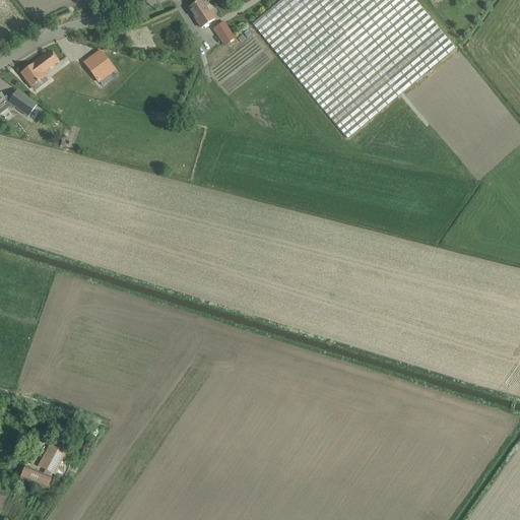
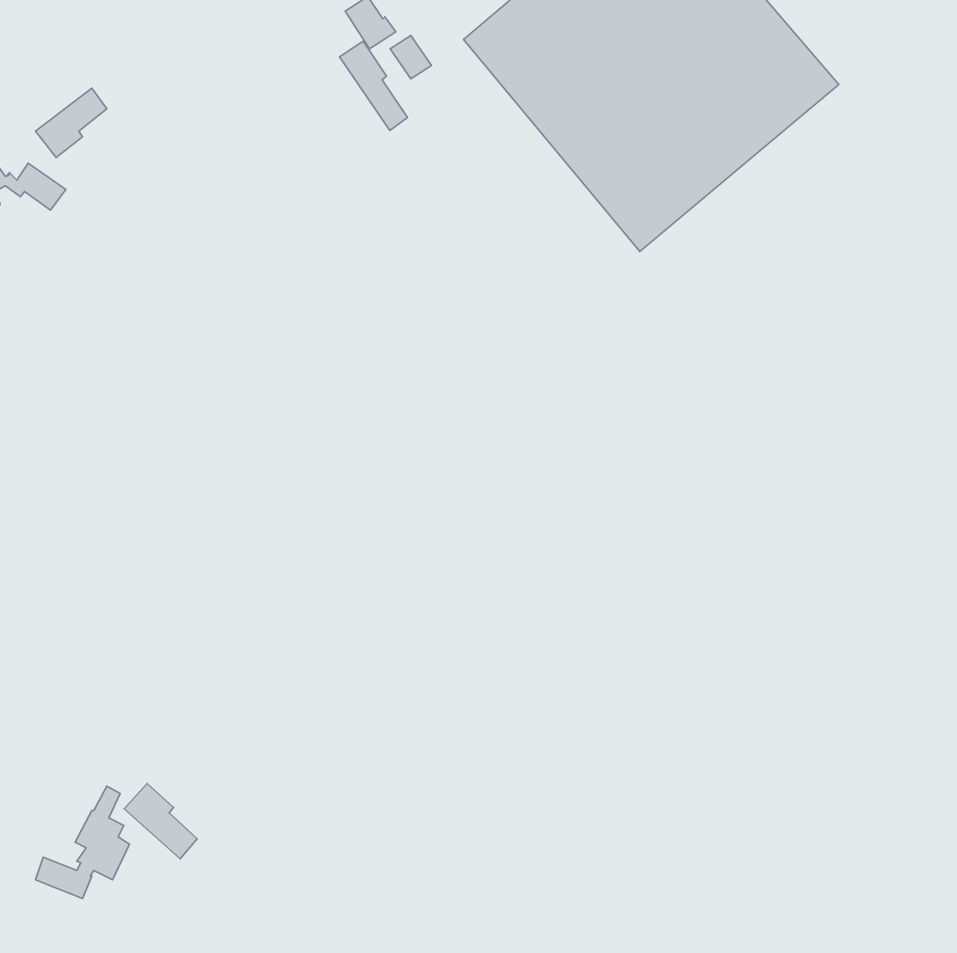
building: none -> [339,41,407,130]
building: [82,48,114,80] -> none
building: none -> [124,784,197,859]

